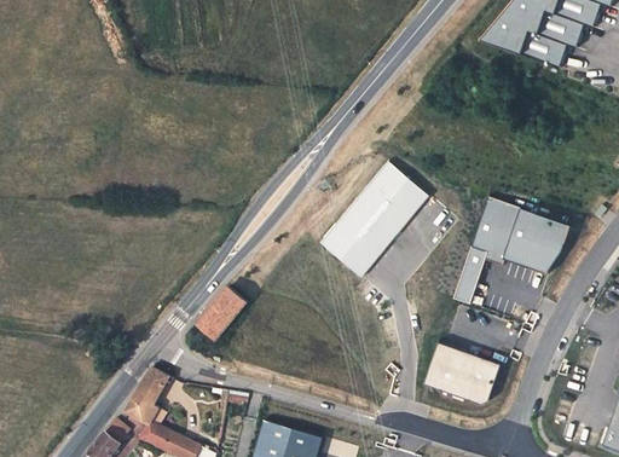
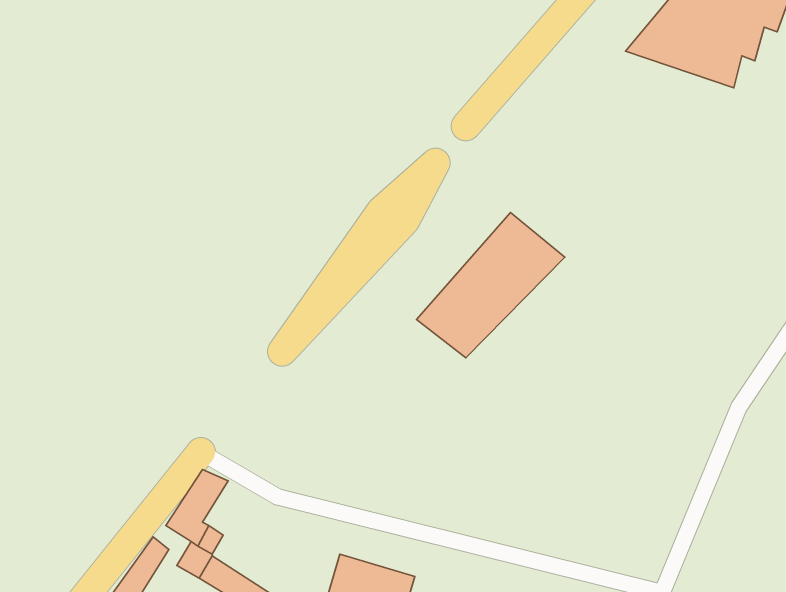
building: [453,197,572,303] -> none
building: [196,288,245,341] -> none
building: [423,346,502,404] -> none

